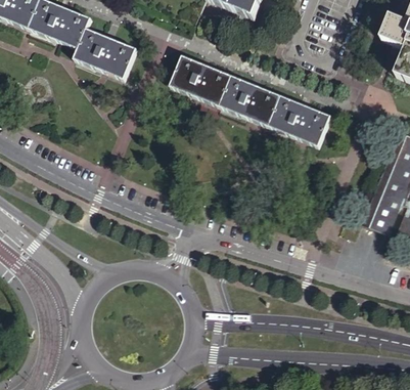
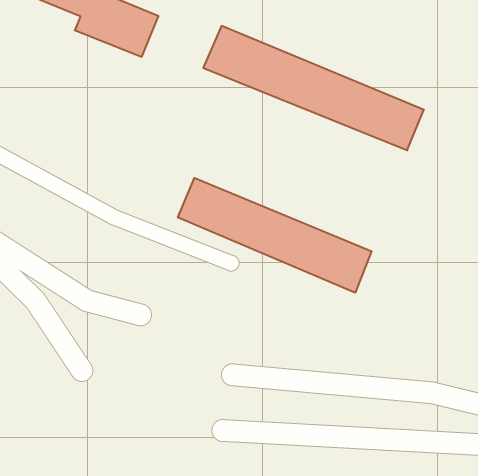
building: none -> [178,178,372,293]

